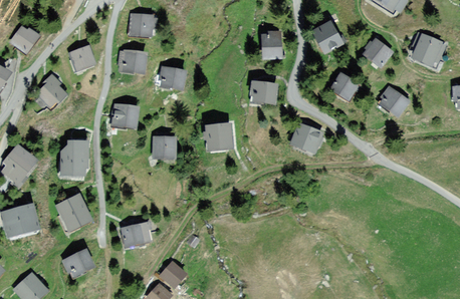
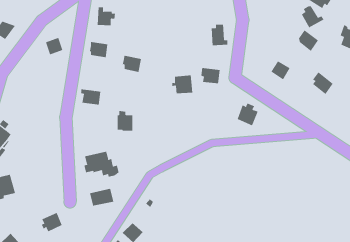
building: [317,24,344,50] -> [301,6,324,28]
building: [33,75,65,109] -> none
building: [205,124,230,146] -> [172,75,193,94]
building: [62,142,86,173] -> none
building: none -> [84,151,119,177]
building: [58,197,88,228] -> none

